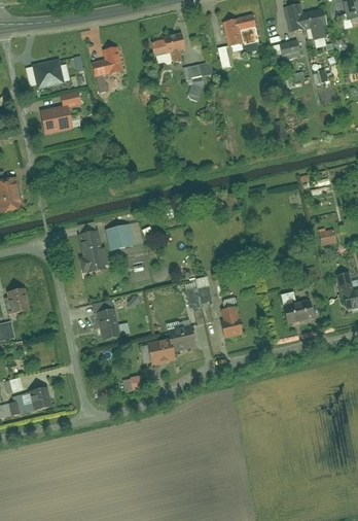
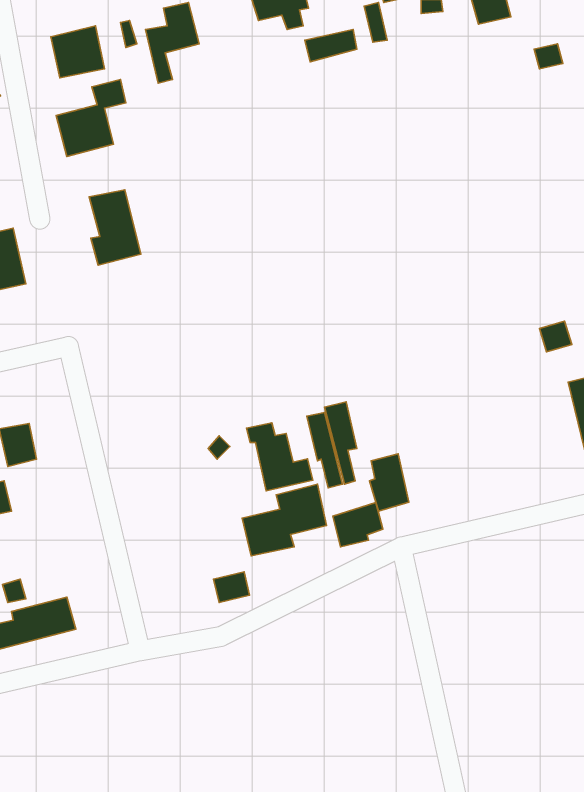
building: [105,221,143,251] -> none
building: [77,230,107,273] -> [89,190,141,265]
building: [281,291,314,324] -> none
building: [92,302,130,341] -> [247,423,313,491]
building: none -> [333,503,383,547]

